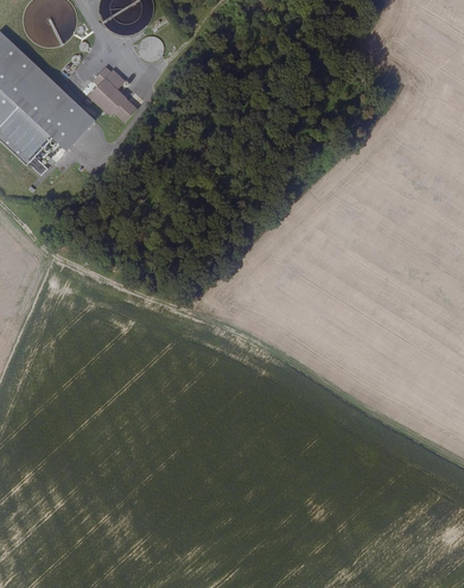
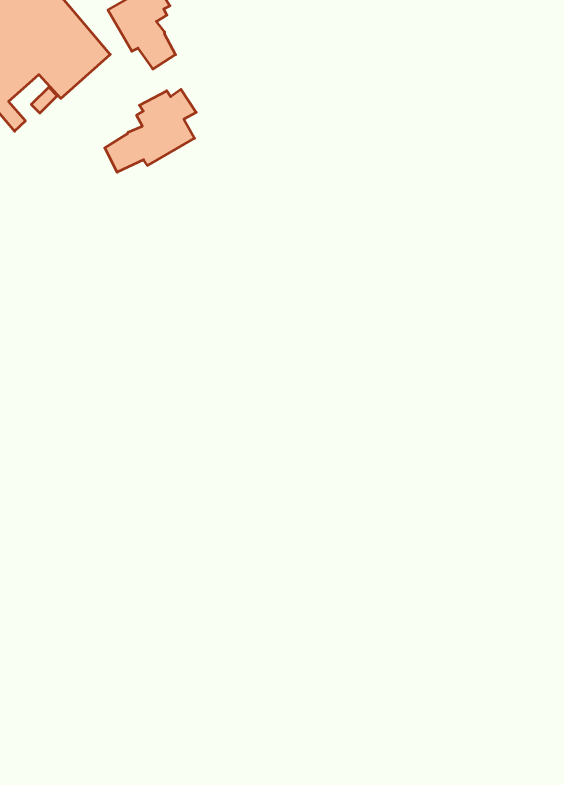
building: none -> [105,89,196,172]

